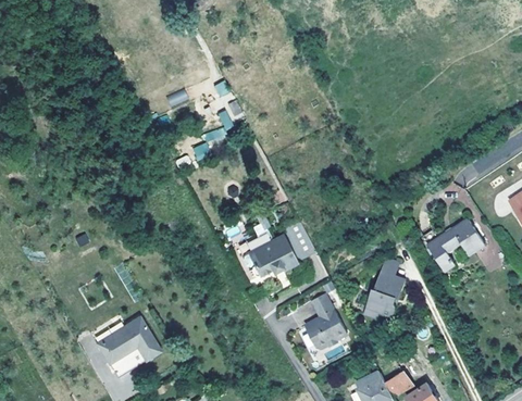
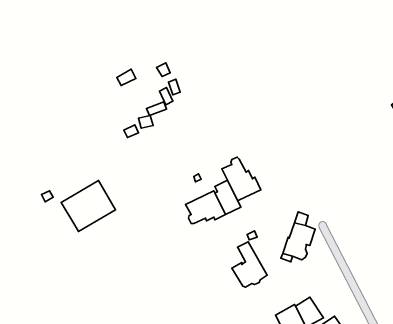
building: none -> [222,157,261,201]
building: [428,221,484,272] -> none
building: [97,317,162,378] -> [61,181,116,231]

